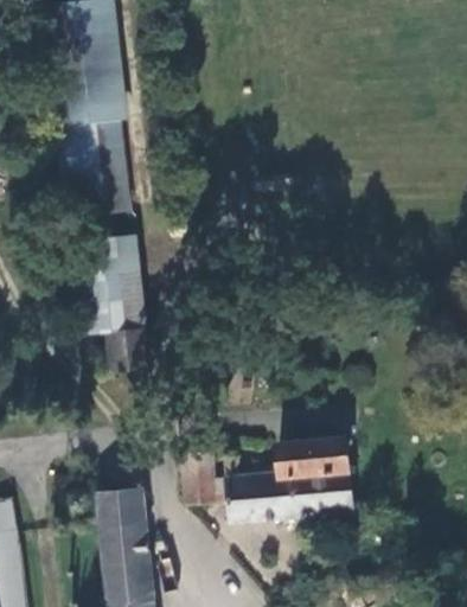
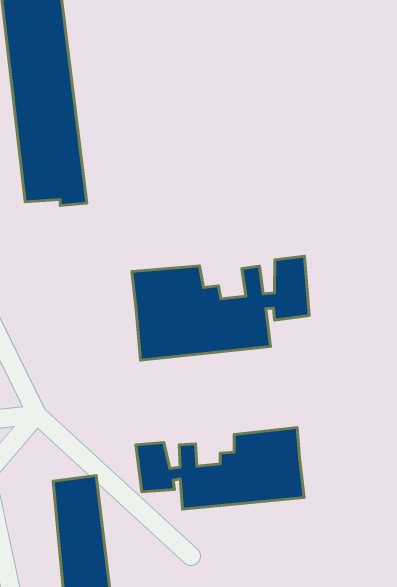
building: [72,237,152,368] -> none
building: none -> [132,256,309,360]

